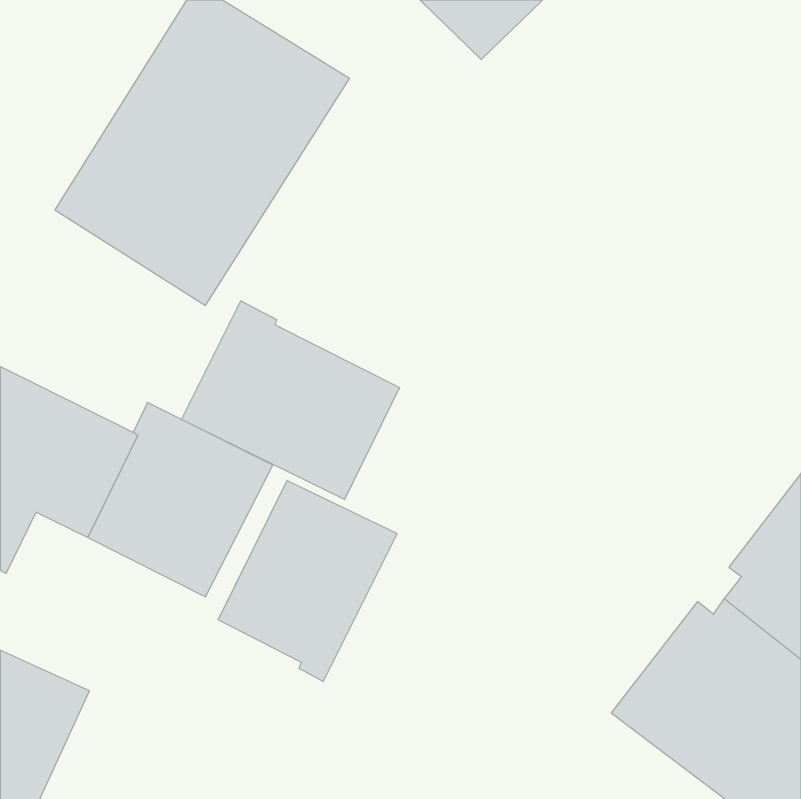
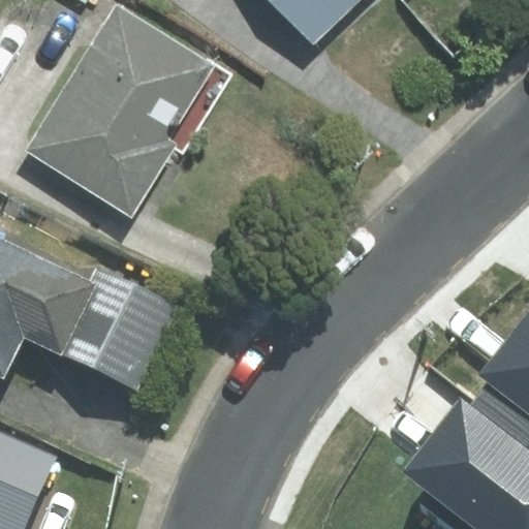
building: [181,301,399,500] -> none
building: [218,480,397,682] -> none

